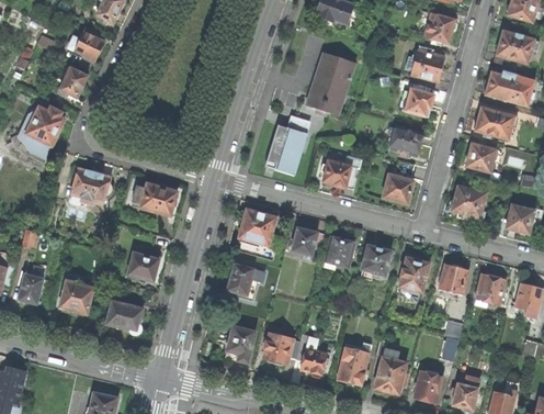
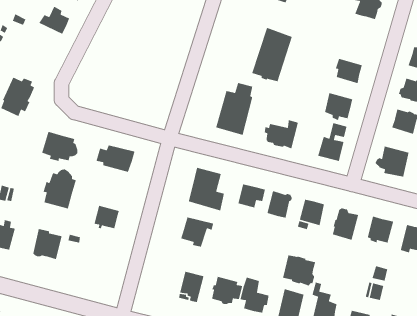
building: [405,45,444,81] -> none
building: [58,65,87,97] -> none
building: none -> [43,169,77,209]
building: [107,300,144,334] -> none
building: none -> [282,254,316,286]

